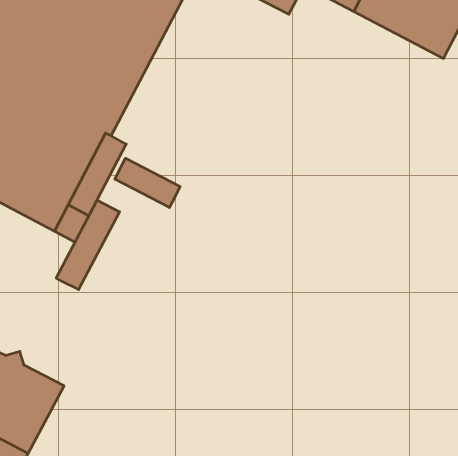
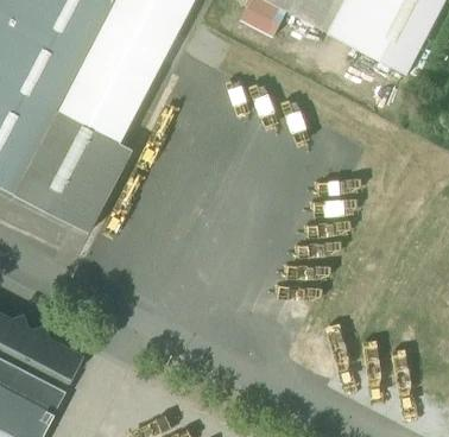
building: [115,158,180,208] -> none
building: [56,200,120,290] -> none

